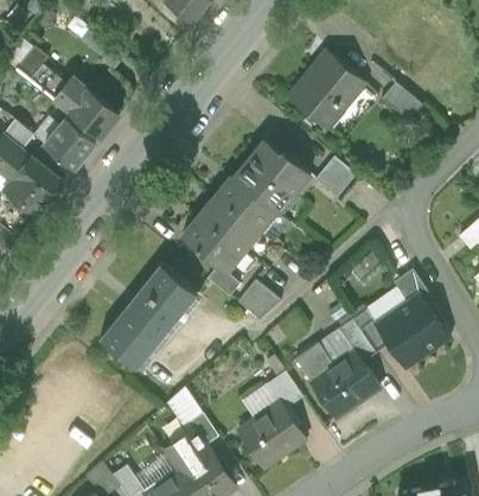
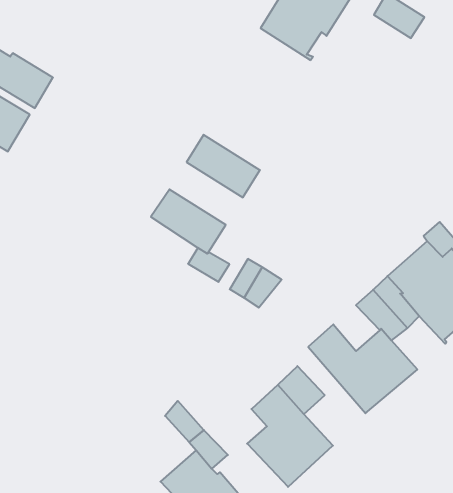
building: [232,139,308,212] -> none
building: [314,155,355,196] -> none
building: [199,197,257,252] -> none
building: [100,265,194,367] -> none

